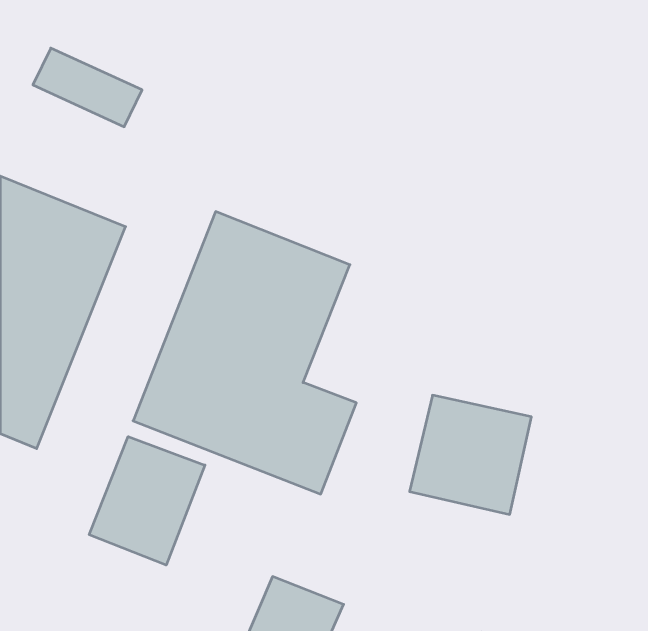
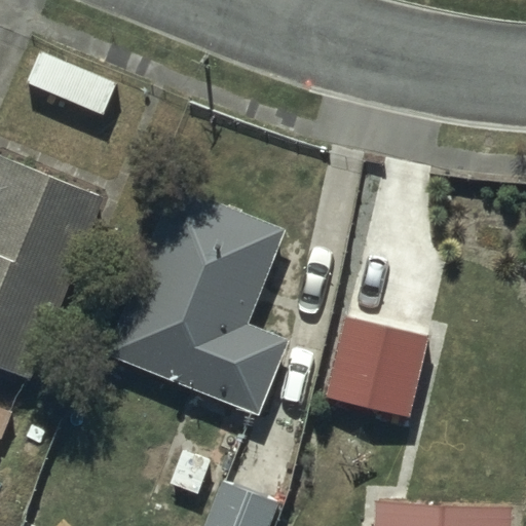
building: [89,437,205,565] -> none

